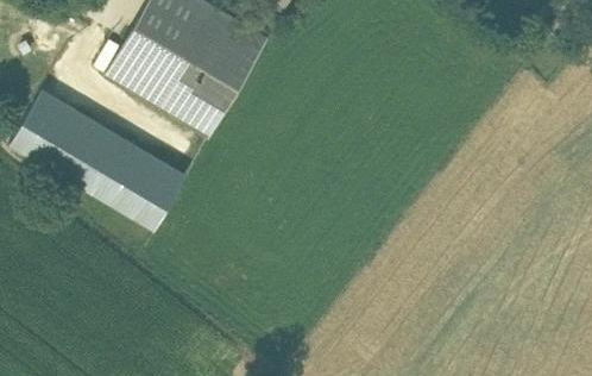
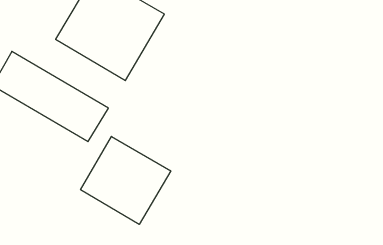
building: none -> [81,136,171,224]

